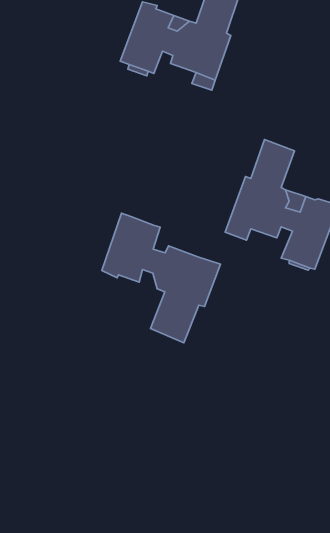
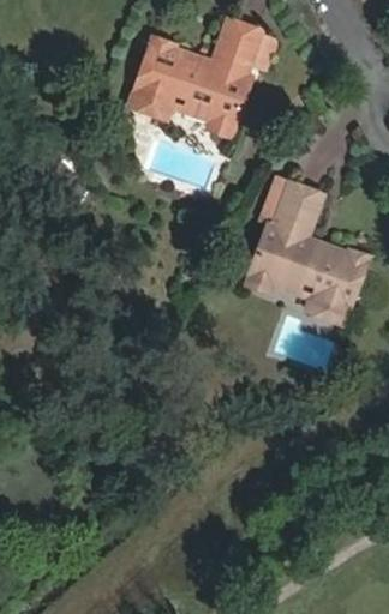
building: [102,213,220,343] -> none

